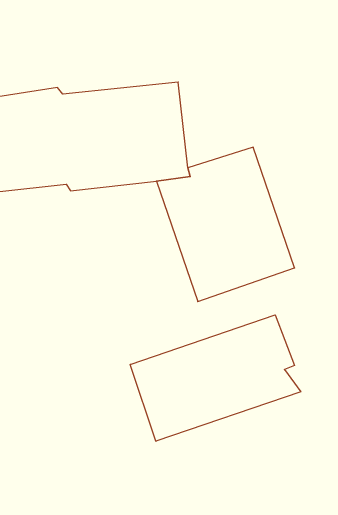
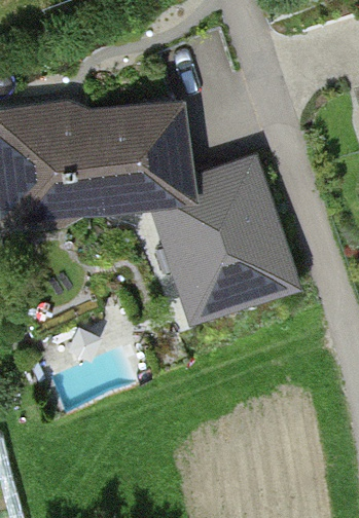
building: [130,315,301,441] -> none

